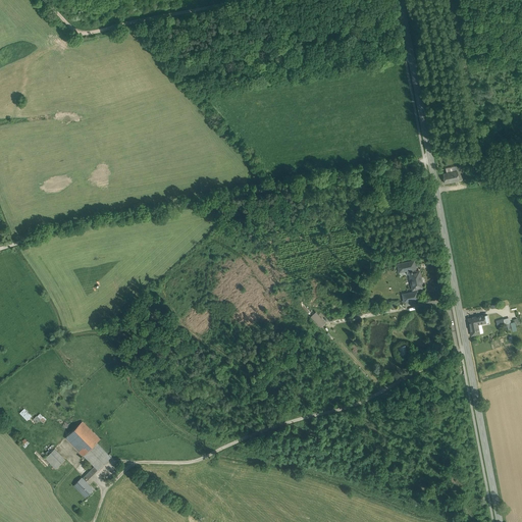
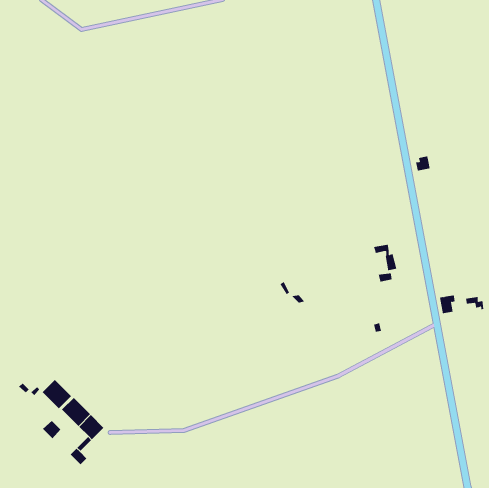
building: none -> [42,379,72,409]

